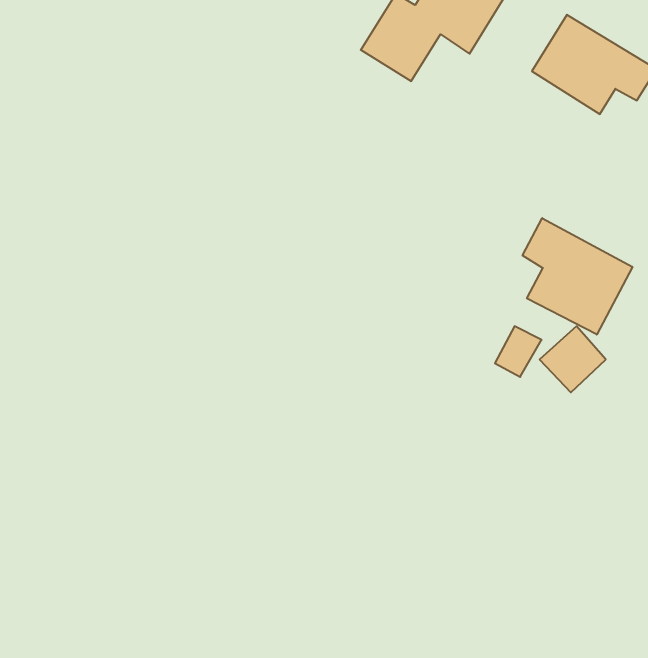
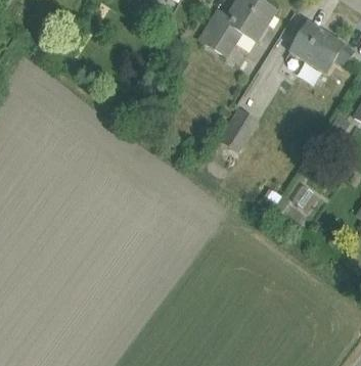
building: none -> [219,107,258,151]
building: [523,218,632,335] -> none

